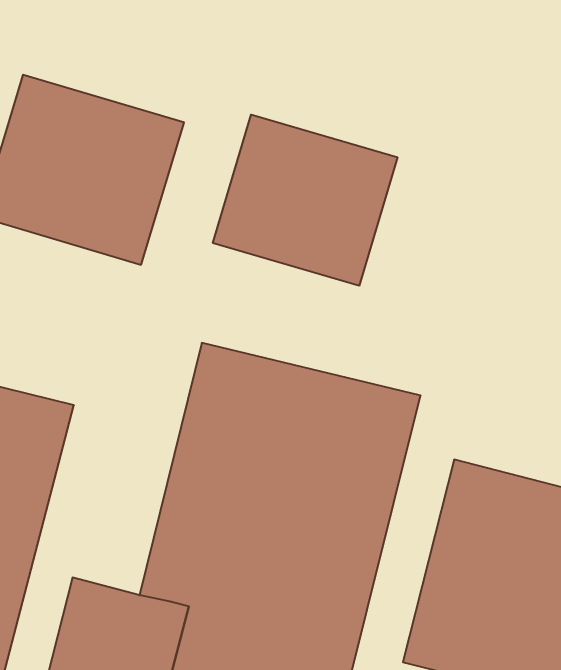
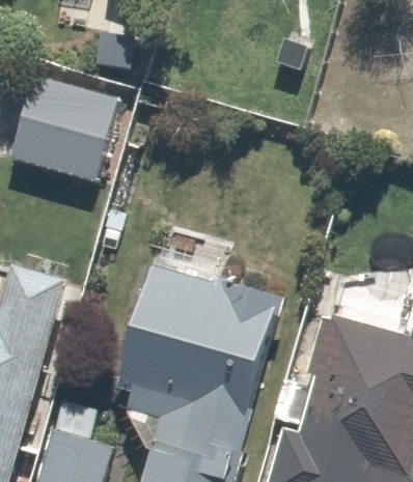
building: [213,115,397,286] -> none

